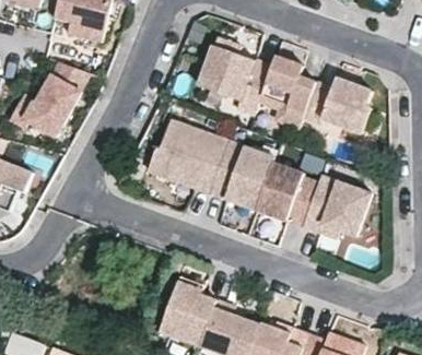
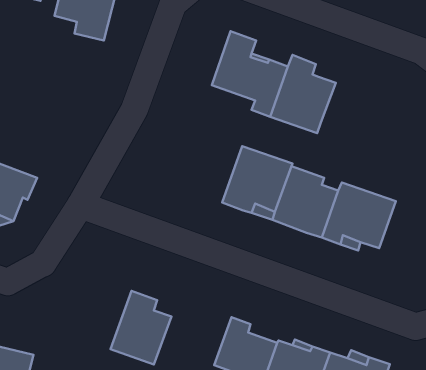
building: [14,59,89,134] -> none
building: [300,78,370,133] -> none
building: [146,119,226,193] -> none
building: [160,276,216,345] -> [110,291,171,365]

